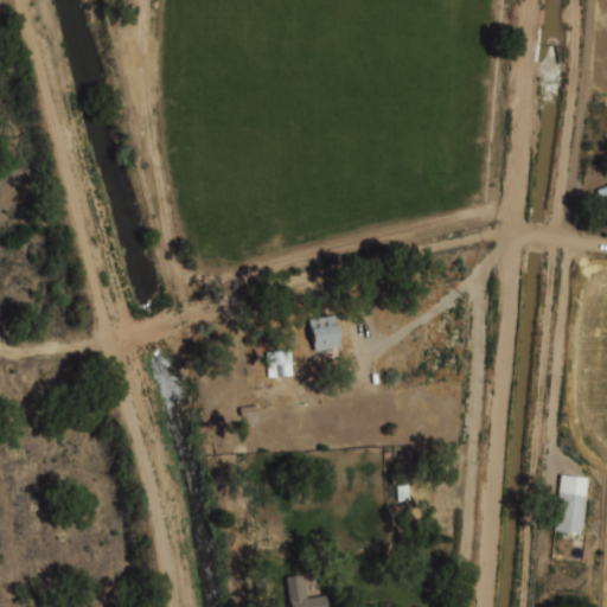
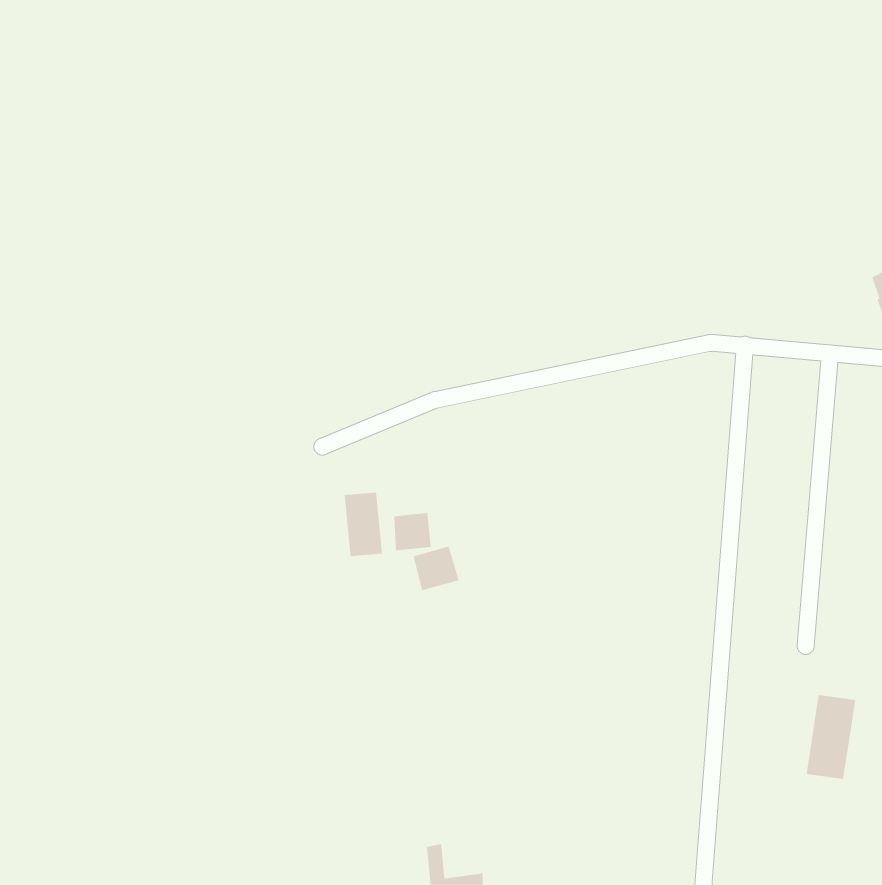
building: [315,314,347,345] -> [413,546,460,591]
building: none -> [344,492,383,557]

